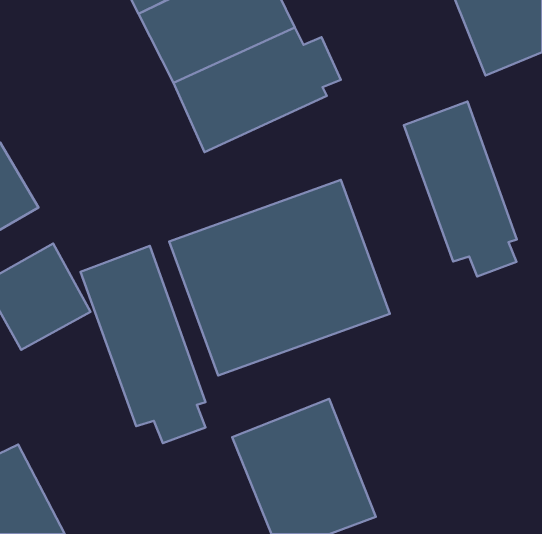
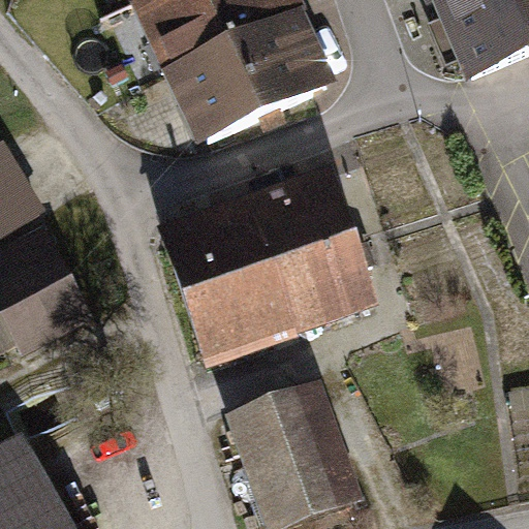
building: [404,102,517,276] -> none
building: [80,246,206,443] -> none

